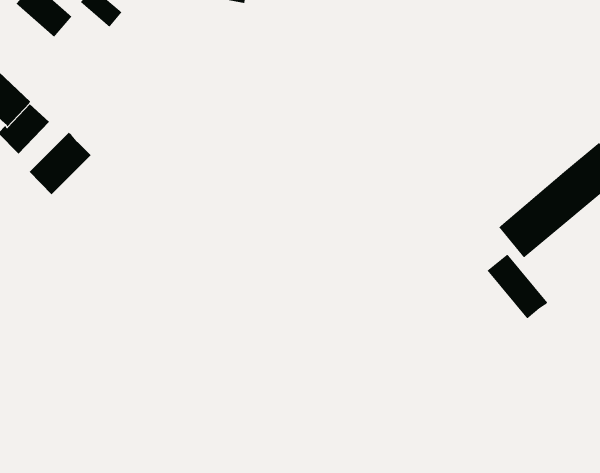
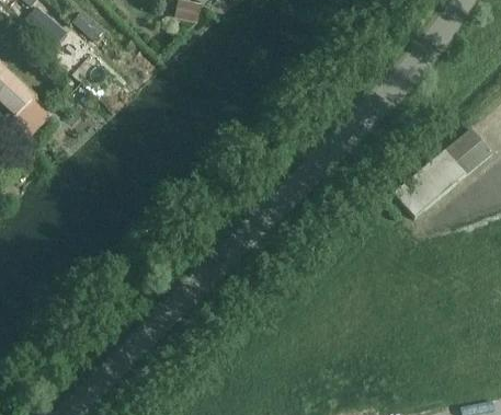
building: [29,132,92,195] -> none
building: [486,254,548,319] -> none

